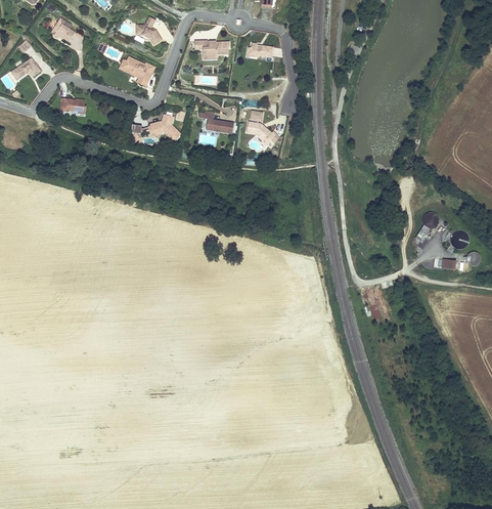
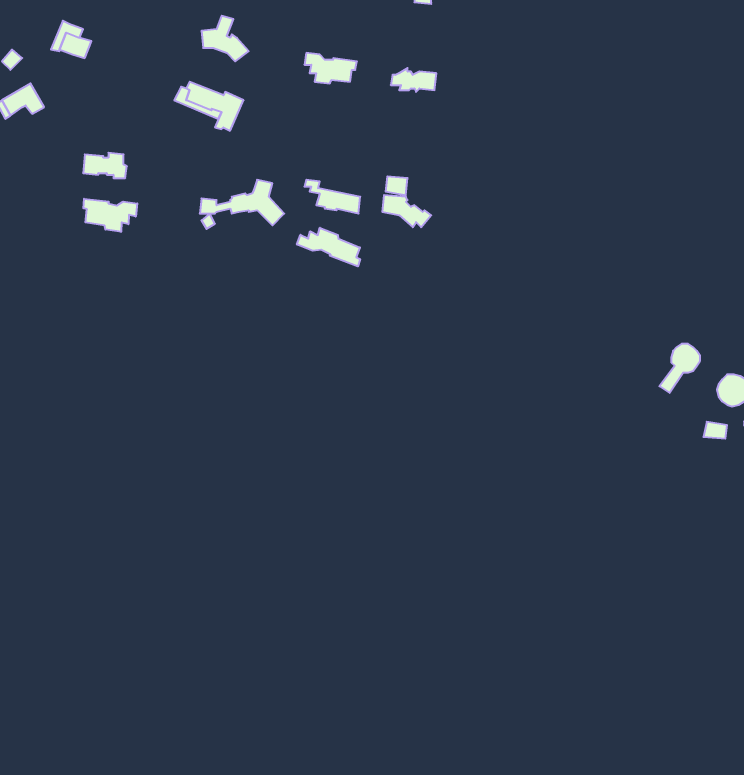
building: none -> [83,199,137,232]
building: none -> [297,228,360,266]

